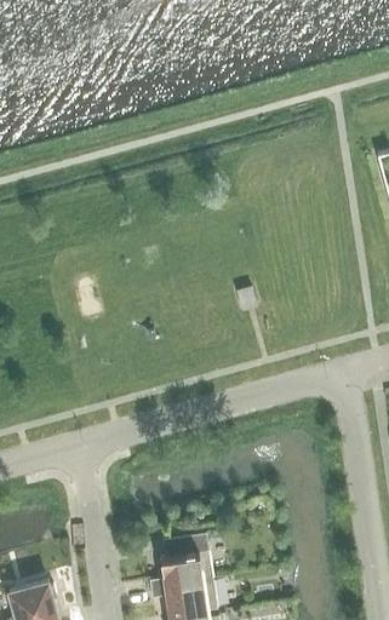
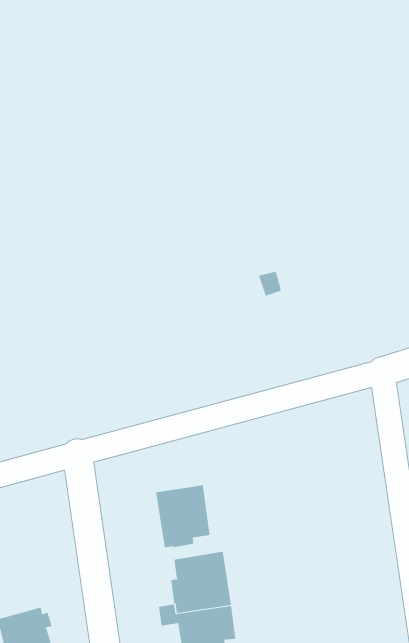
building: none -> [156,485,210,548]

